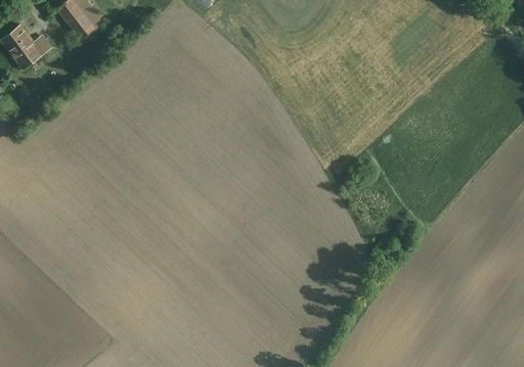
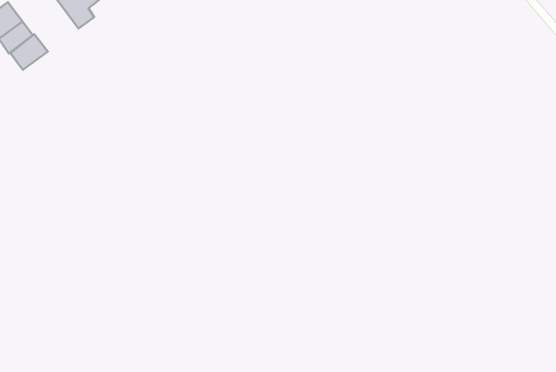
building: none -> [10,34,48,70]

